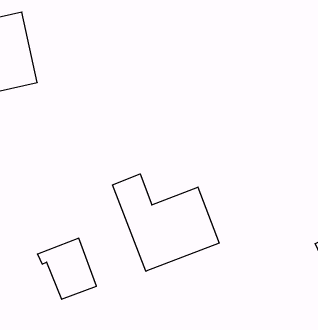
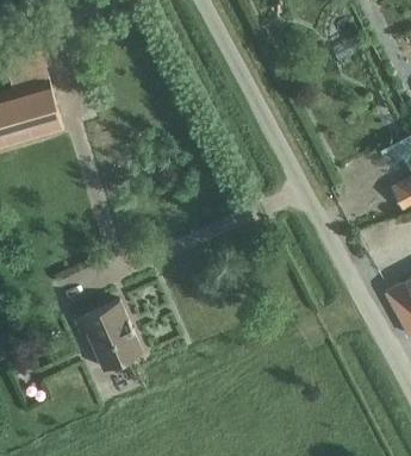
building: [112,174,219,271] -> none

